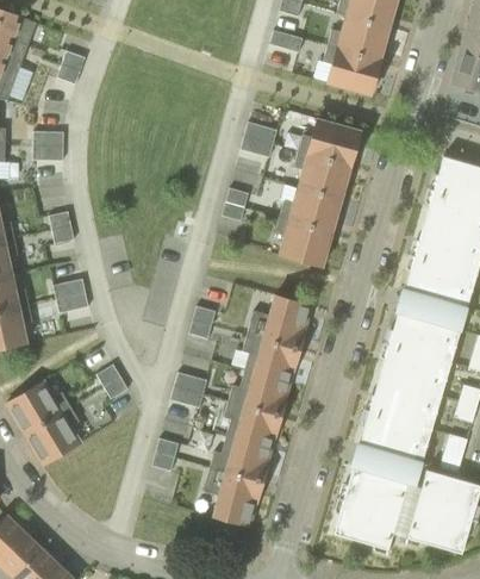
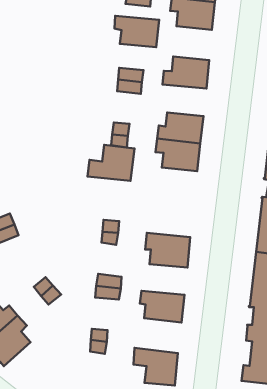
building: [294,151,351,199] -> [114,16,159,47]
building: [248,295,312,345] -> [87,145,135,181]
building: [229,371,291,416] -> none
building: [208,436,272,486] -> none

